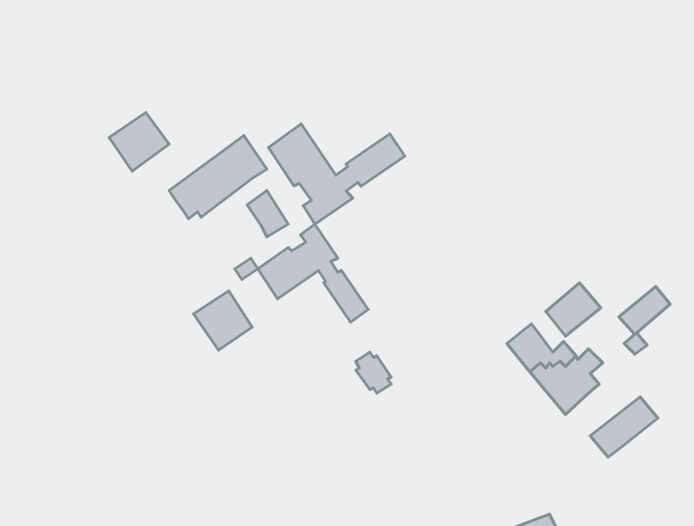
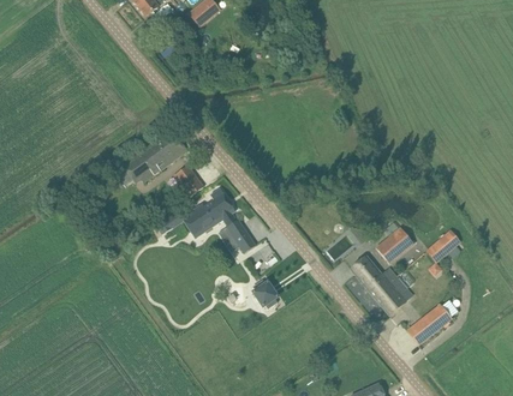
building: [109,112,169,171] -> none
building: [268,124,405,224] -> none
building: [194,291,252,350] -> none

